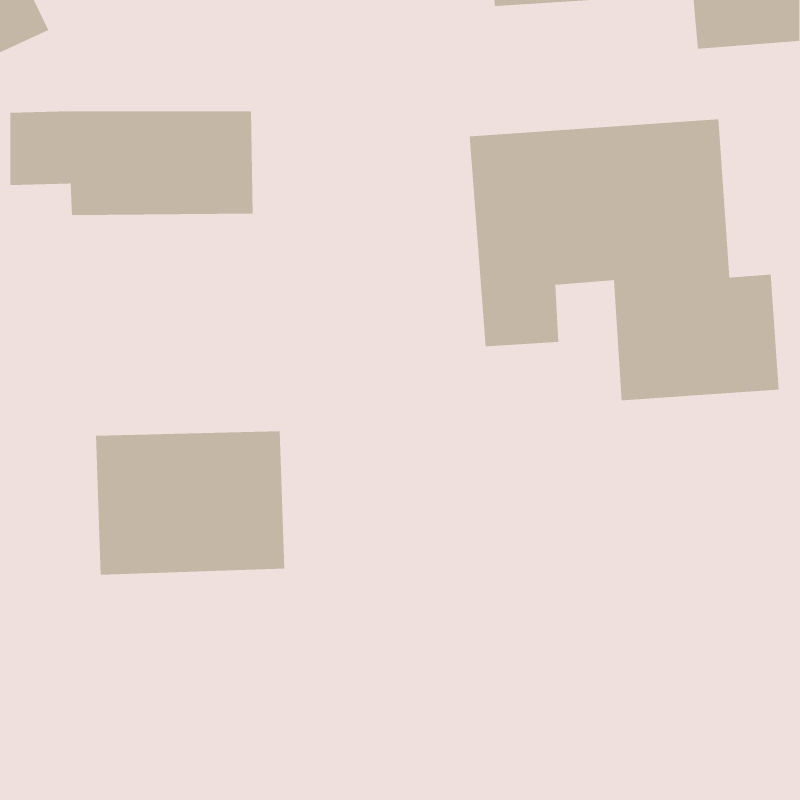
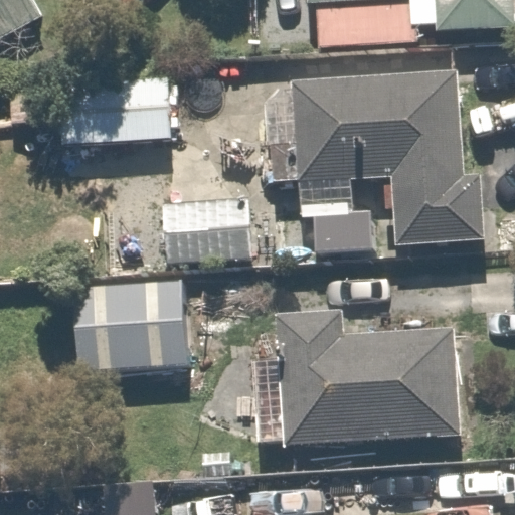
building: none -> [159,187,242,266]
building: none -> [278,311,463,447]

